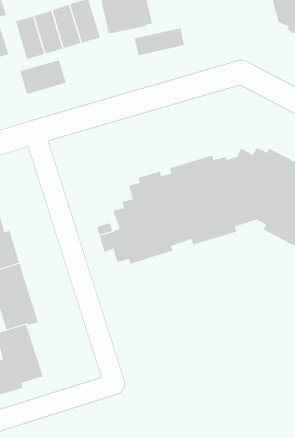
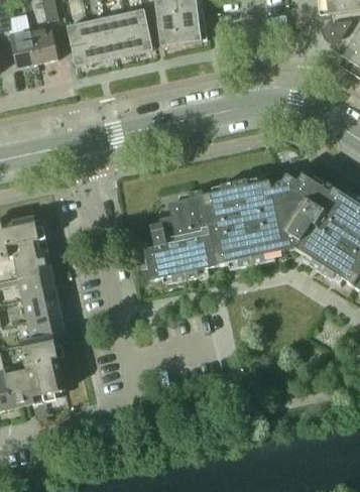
building: [134,27,185,56] -> none
building: [20,59,66,95] -> none

